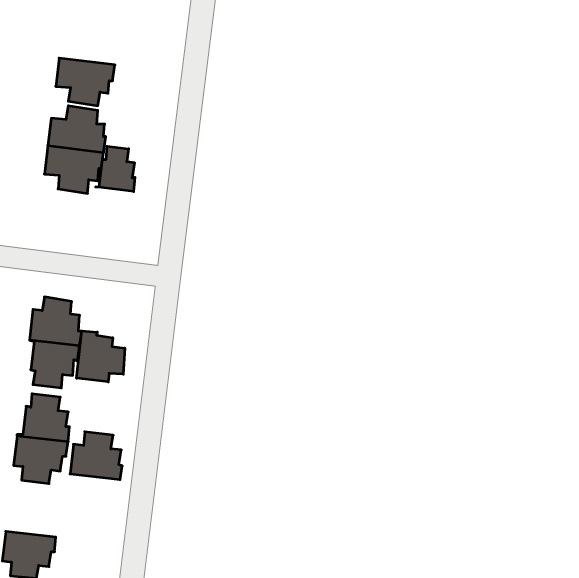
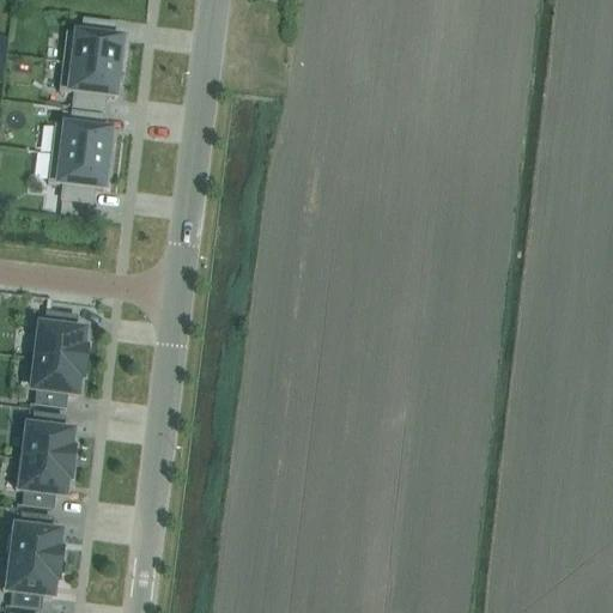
building: none -> [65,19,125,68]
building: [96,146,135,192] -> none
building: [77,331,125,382] -> none
building: [70,432,122,480] -> [8,515,63,565]

